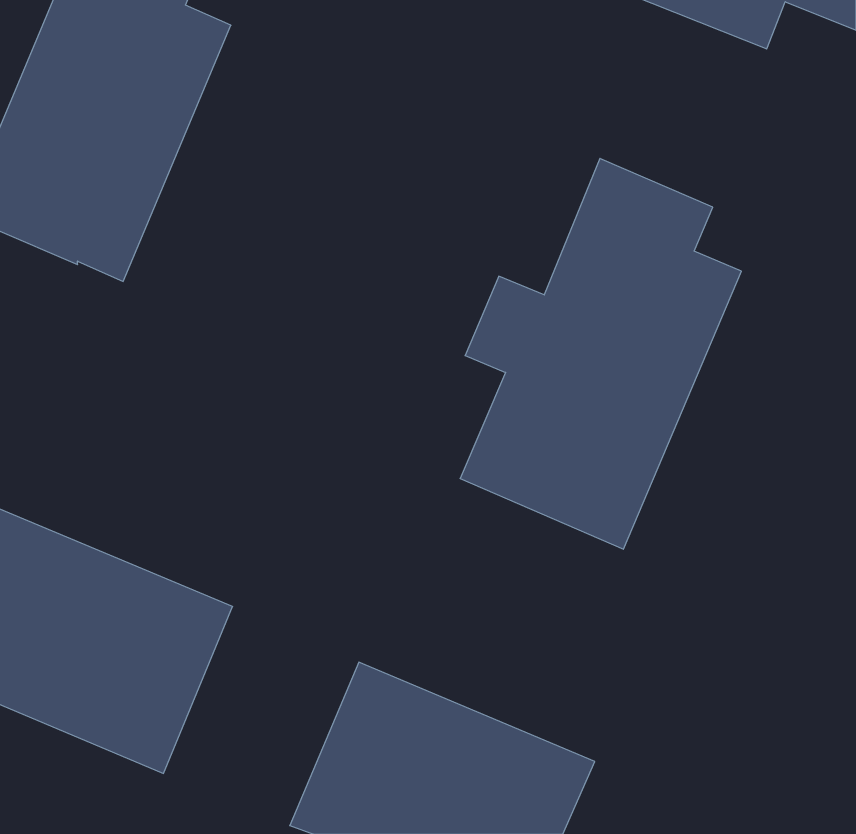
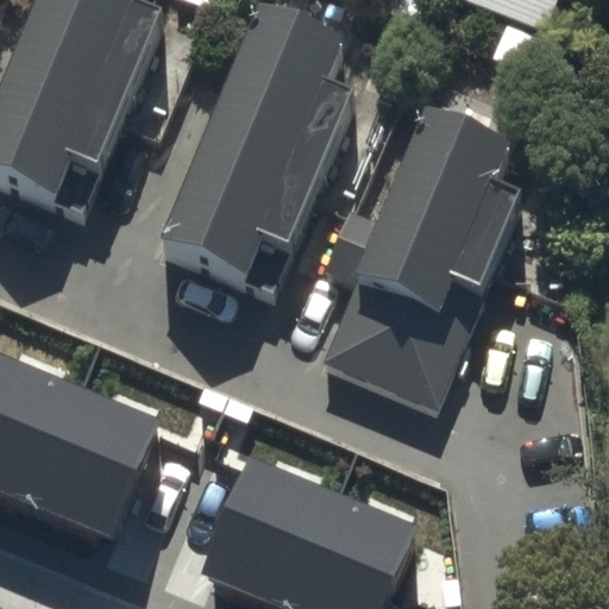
building: none -> [164,8,354,272]

